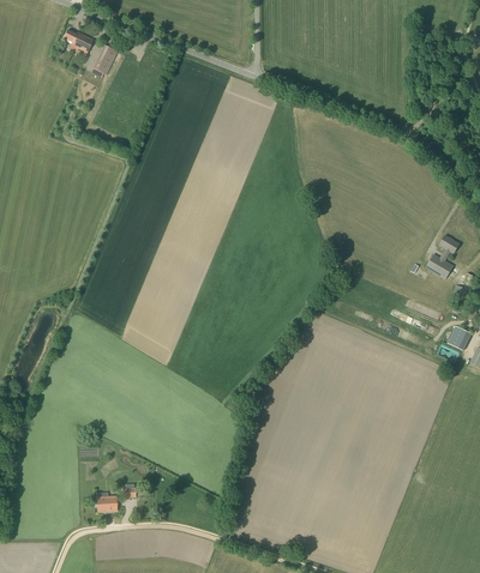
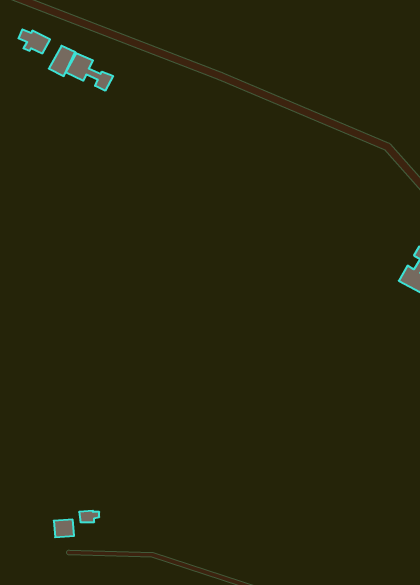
building: none -> [66,53,113,91]

